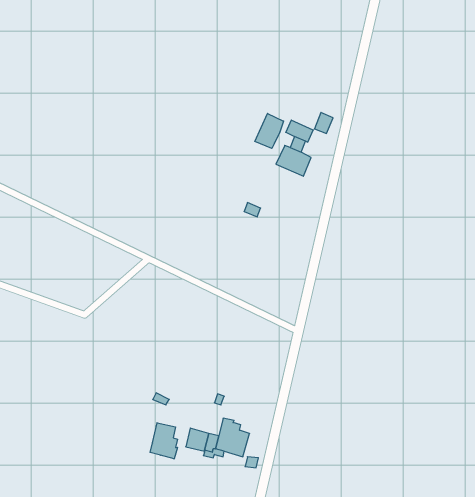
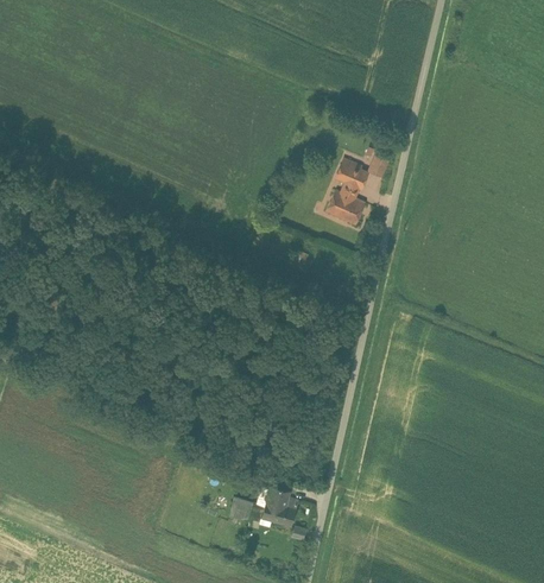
building: [255,113,284,148] -> none
building: [150,423,177,459] -> none

